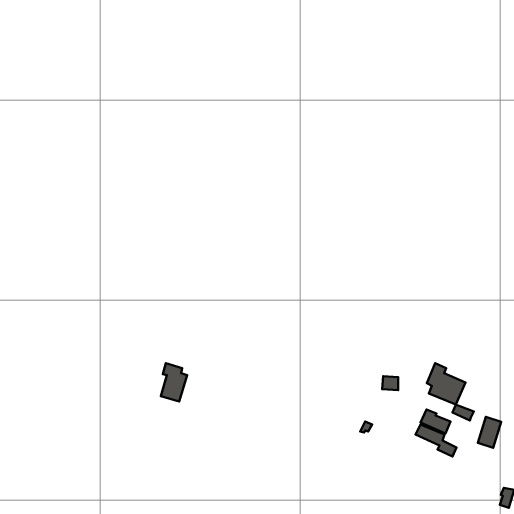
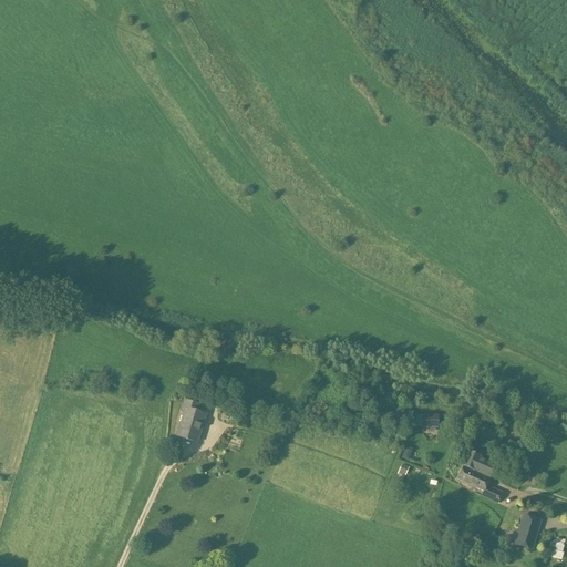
building: [427,363,466,404] -> none
building: [478,417,501,448] -> [515,515,540,549]

